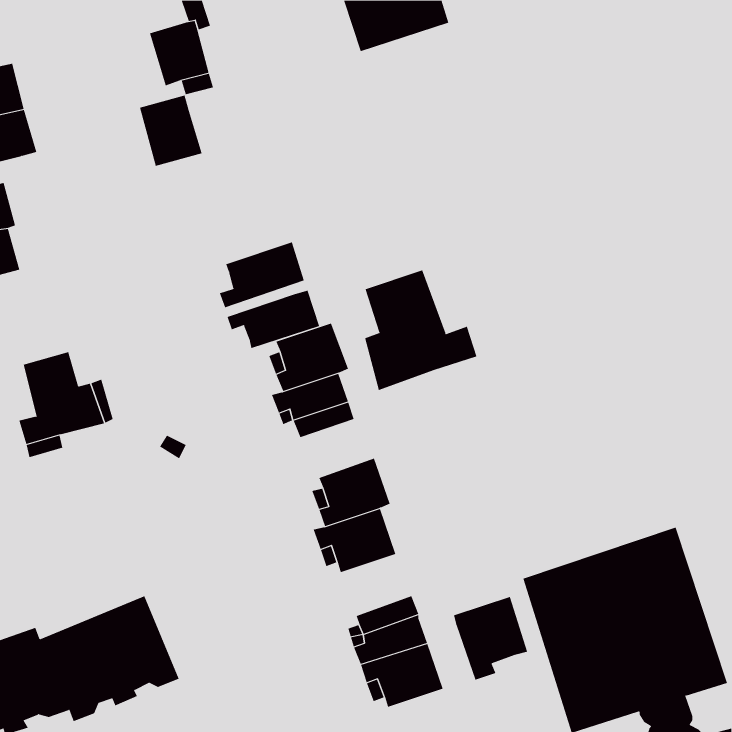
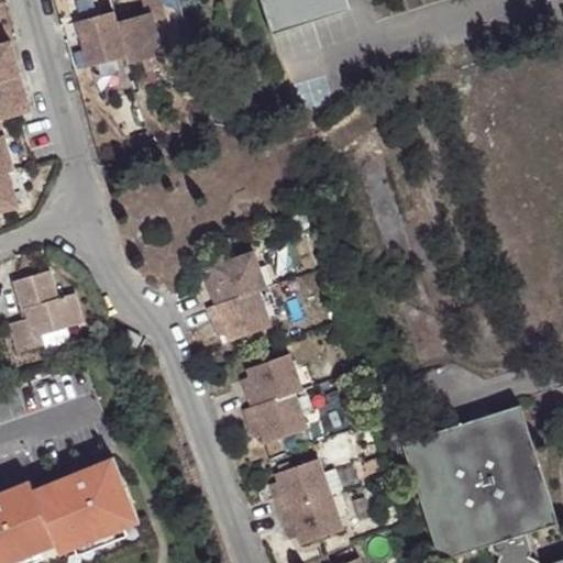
building: [139,95,202,166] -> [76,14,124,69]
building: [219,242,305,308] -> none
building: [365,269,477,391] -> none
building: [227,290,320,349] -> none
building: [454,596,528,681] -> none

